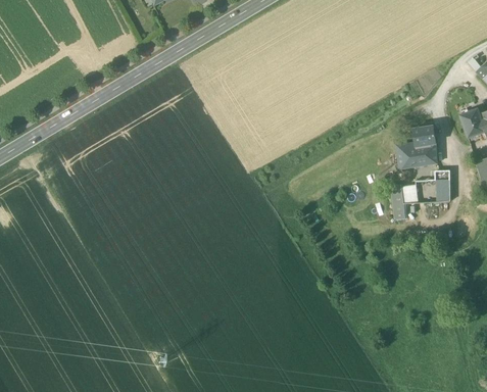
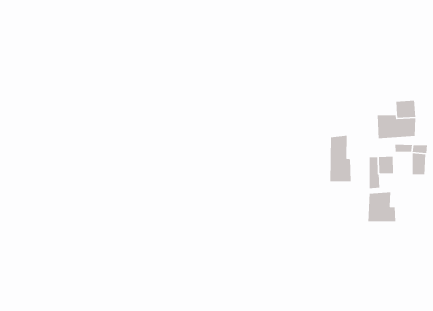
building: none -> [330,135,352,182]
building: none -> [368,192,396,222]

